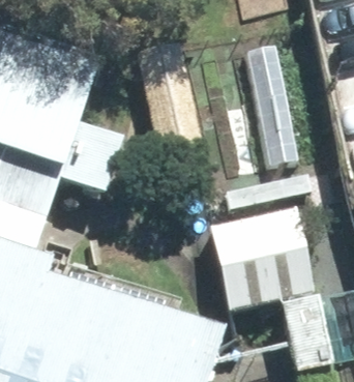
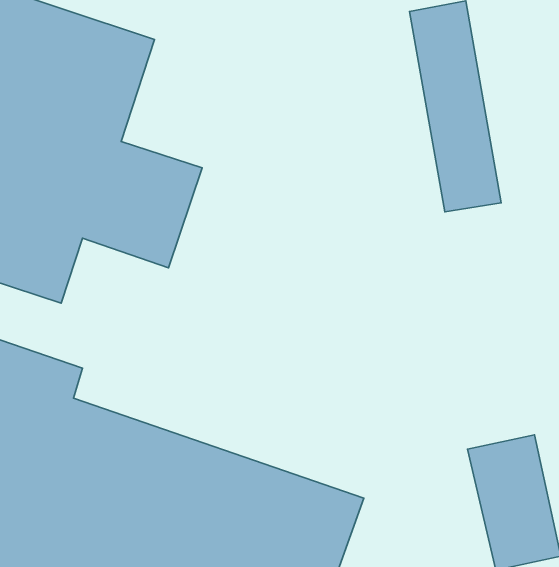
building: [210,205,314,307] -> none

